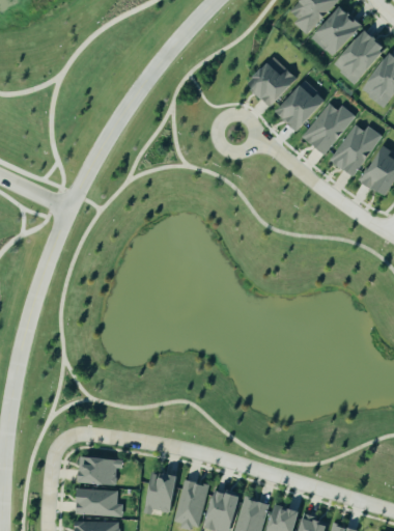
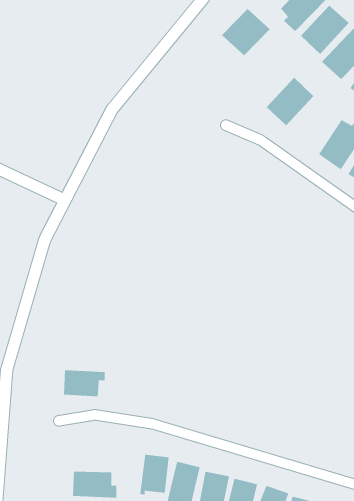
building: [247,57,298,107] -> [221,8,270,56]
building: [301,104,356,155] -> none
building: [79,456,122,484] -> [63,370,105,397]

